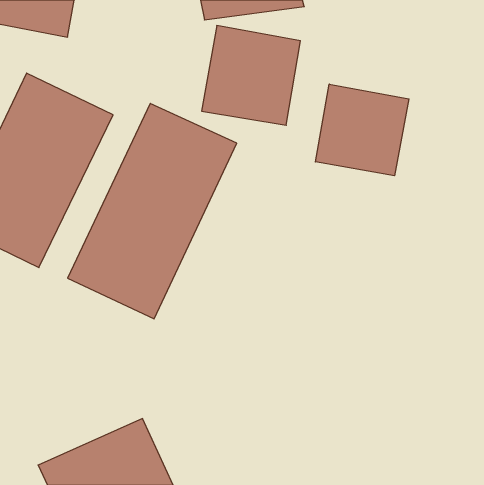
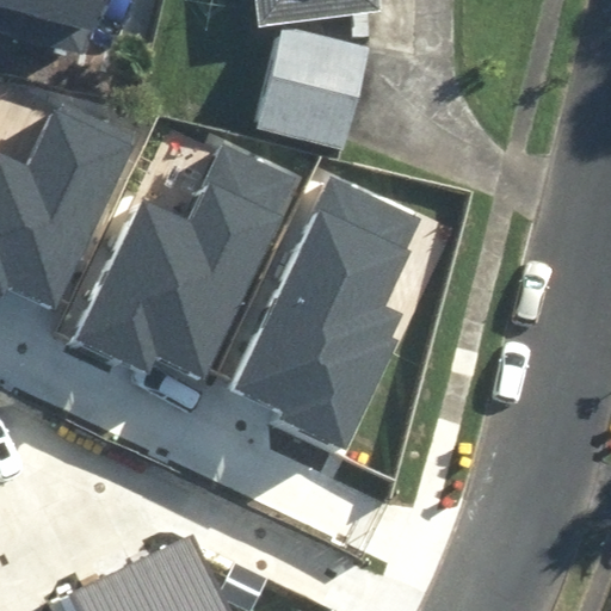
building: [315,84,409,176] -> none
building: none -> [228,177,440,448]

